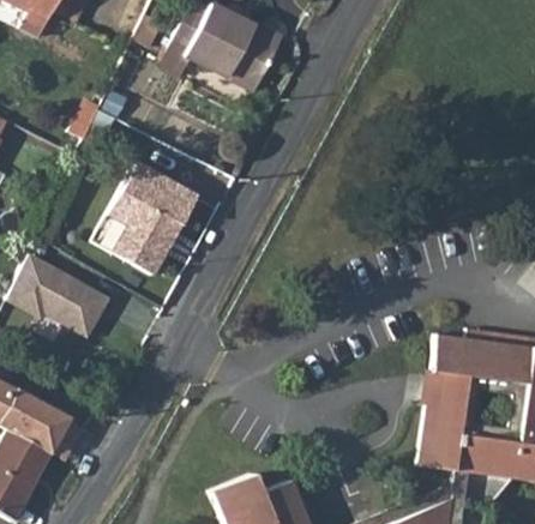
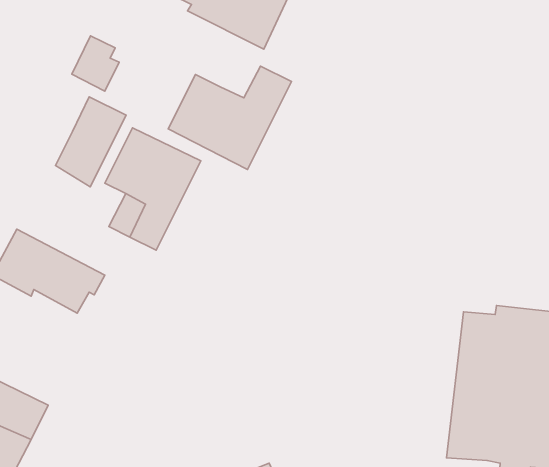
building: none -> [168,66,291,170]
building: none -> [55,97,126,187]

